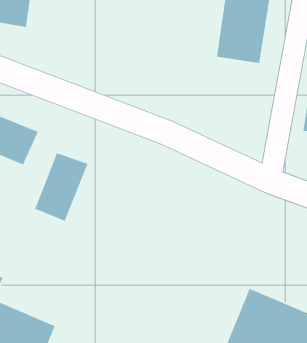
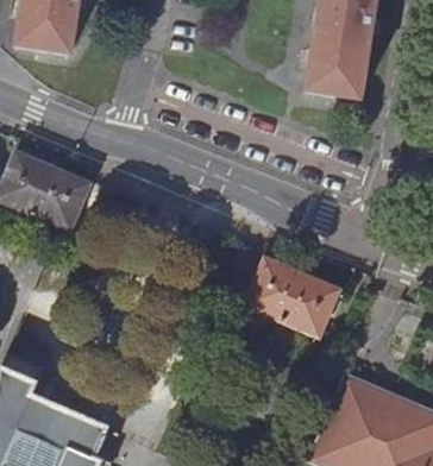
building: [34,152,88,222] -> none
building: none -> [250,262,335,332]

